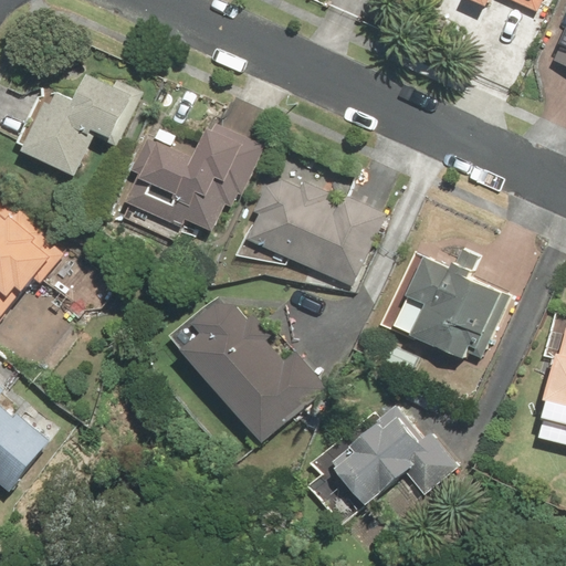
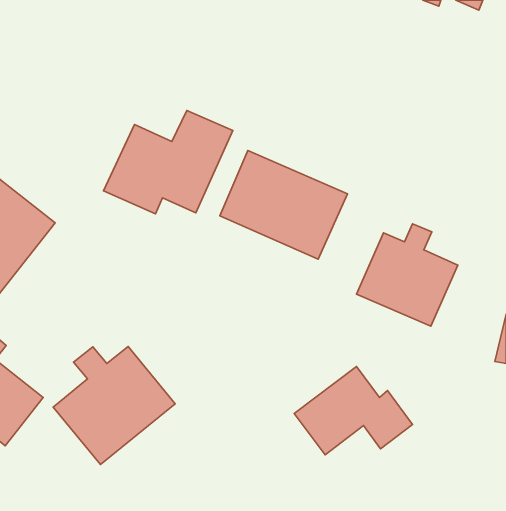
building: [17,69,139,177] -> none
building: [180,296,323,441] -> none
building: none -> [53,346,175,464]

